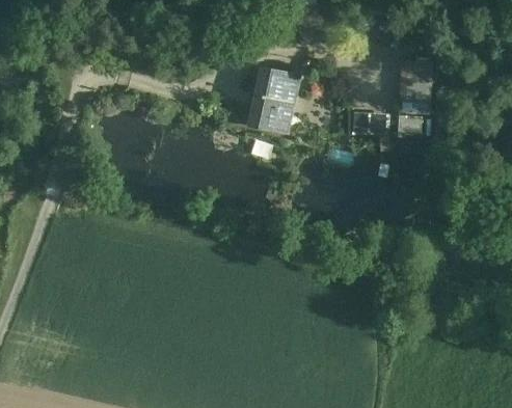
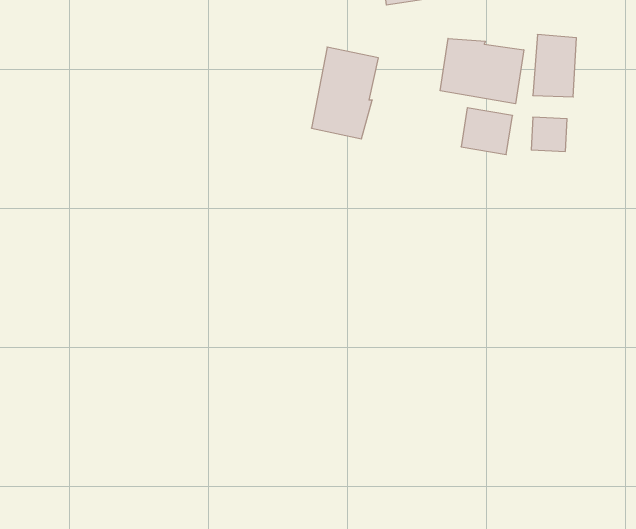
building: none -> [440,38,524,104]

